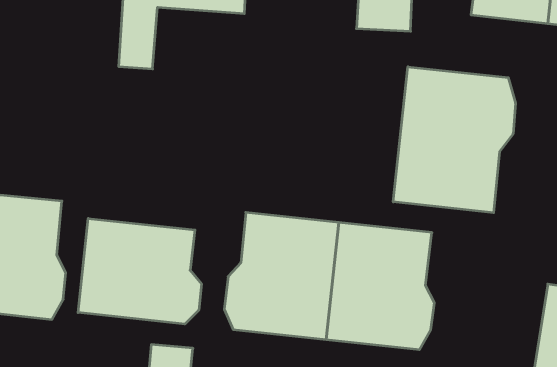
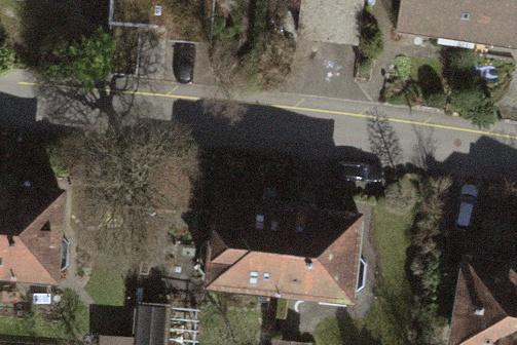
building: [393,67,515,213] -> none
building: [78,218,201,324] -> none

